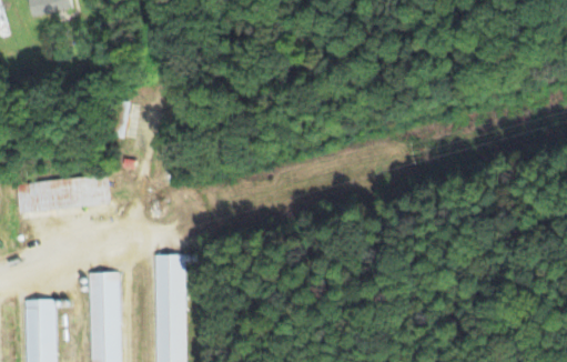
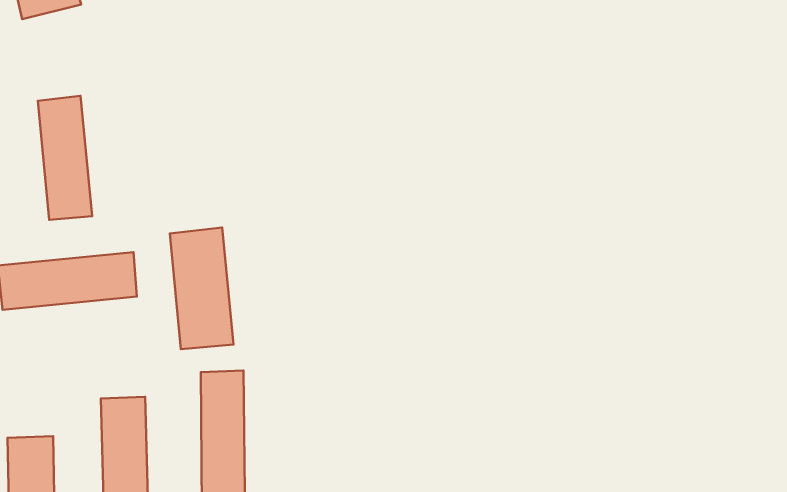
building: none -> [38,96,92,220]
building: none -> [170,228,233,349]

